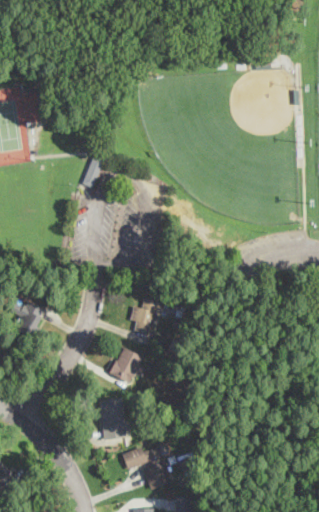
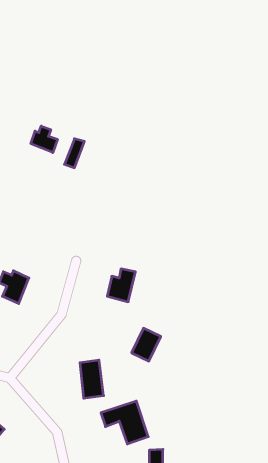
building: none -> [31,126,57,153]
building: [110,346,142,382] -> [132,328,161,361]

